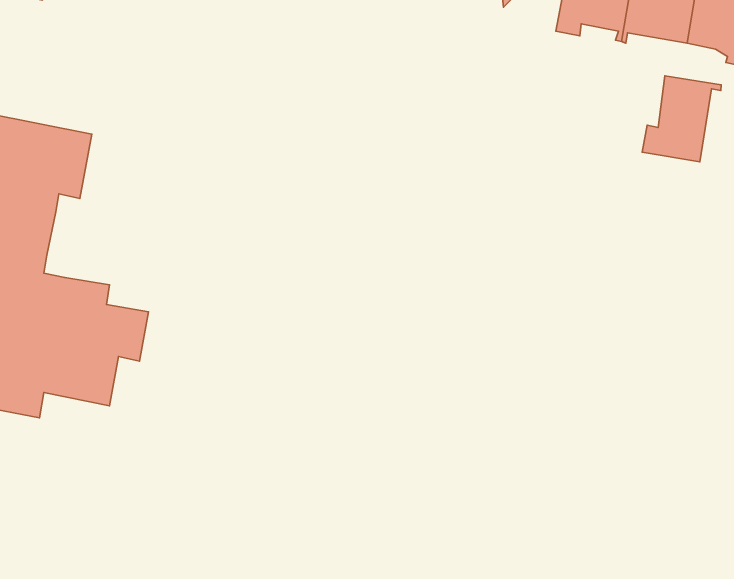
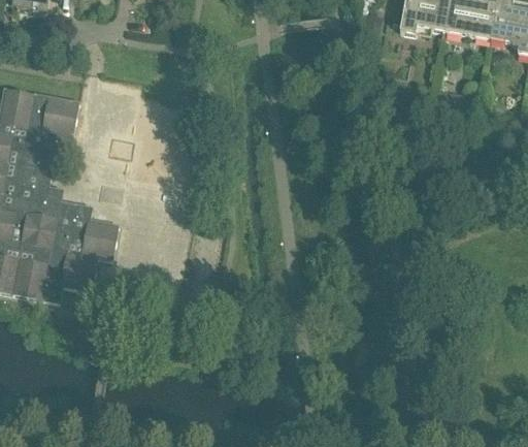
building: [642,76,721,162] -> none

